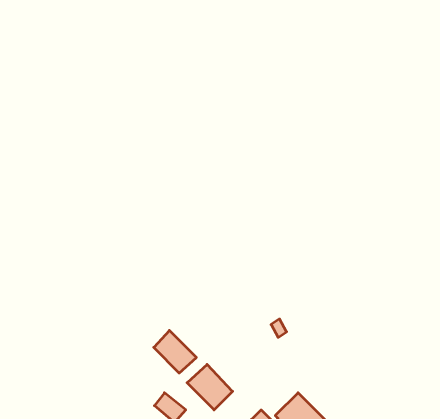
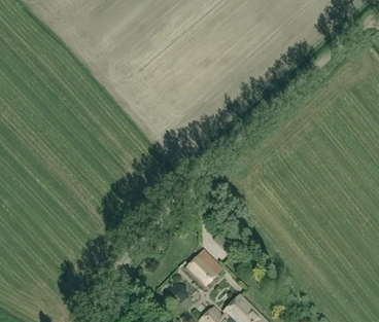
building: [154,330,196,373] -> [185,255,216,286]

